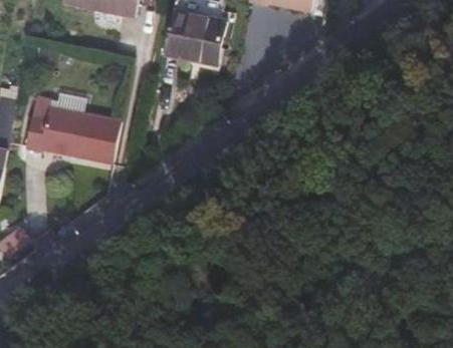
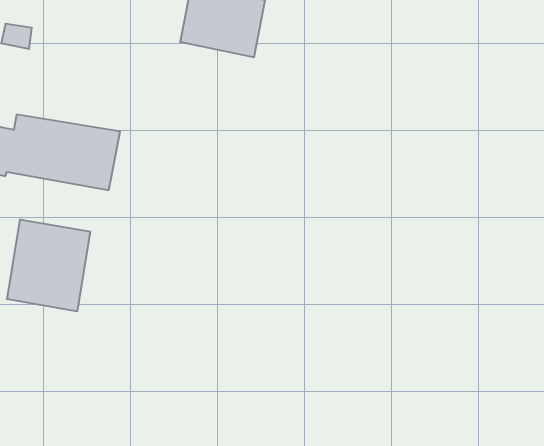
building: none -> [7,219,90,311]

